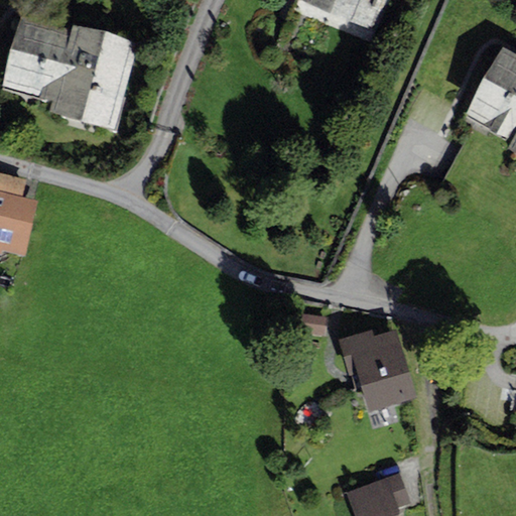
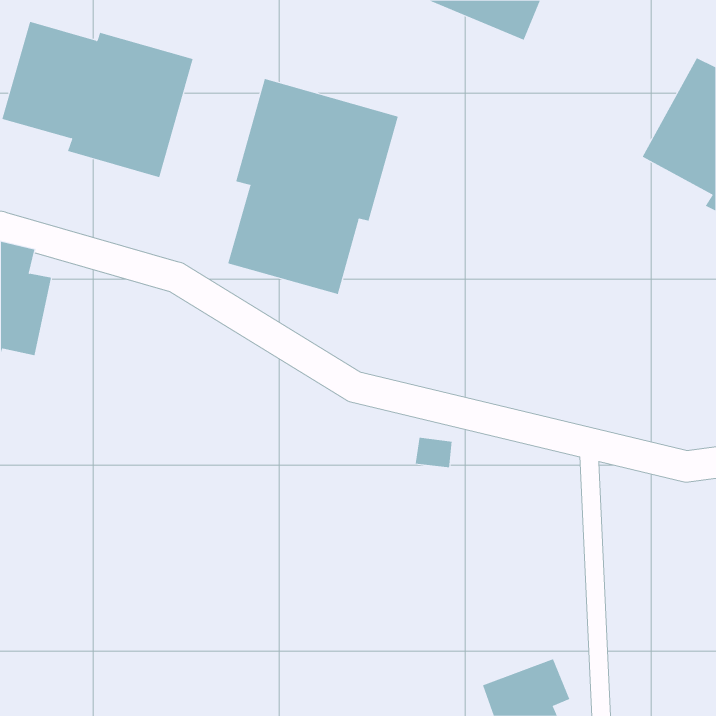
building: none -> [227,78,399,295]
building: [338,330,416,411] -> none

